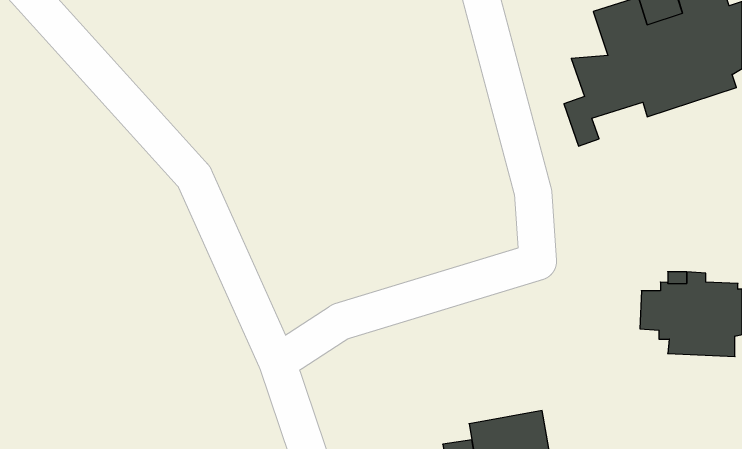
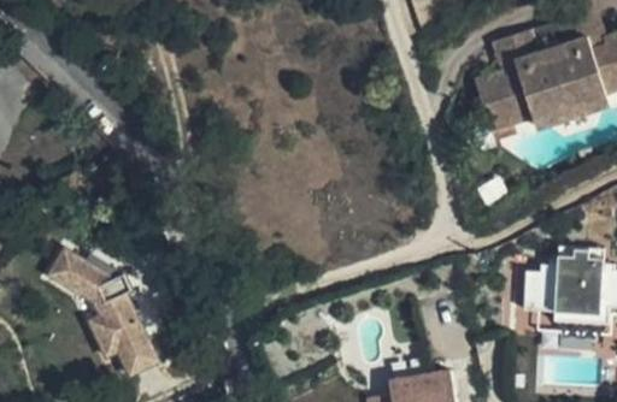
building: none -> [48,250,157,379]

